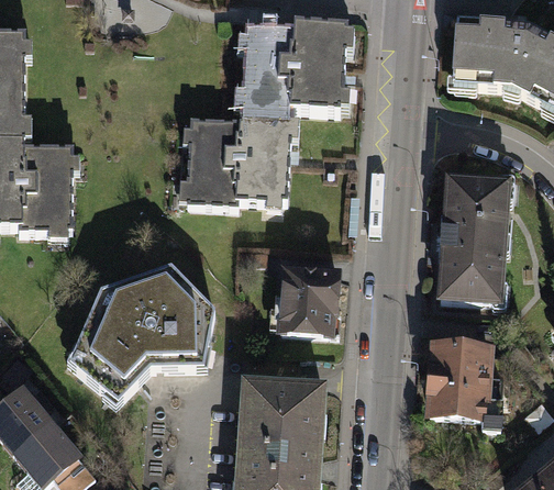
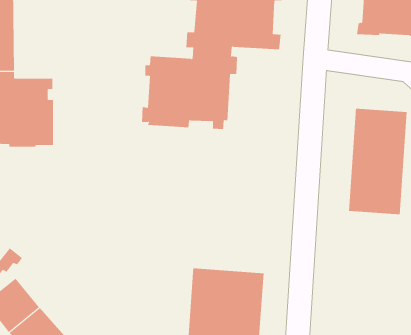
building: [70,260,213,397] -> none
building: [270,263,345,336] -> none
building: [424,344,503,432] -> none

